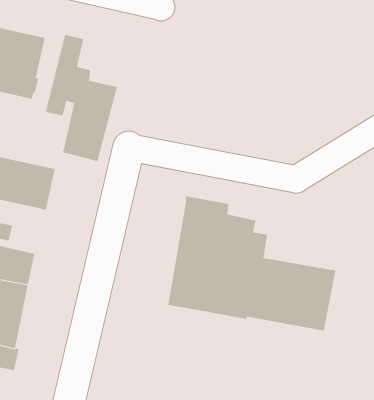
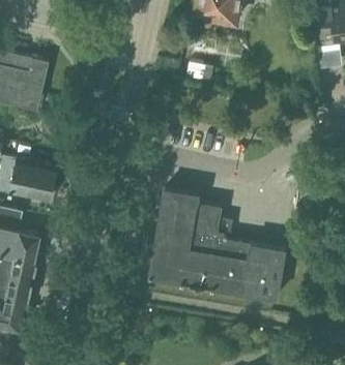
building: [45,34,118,162] -> none

